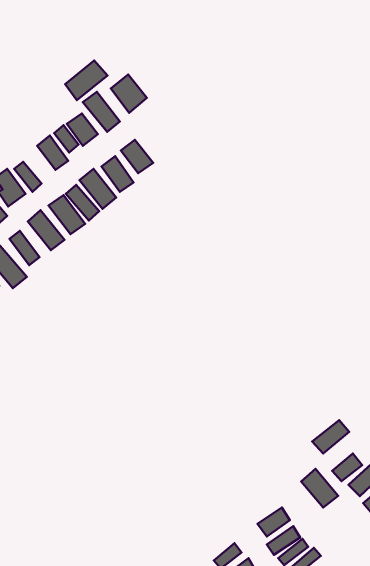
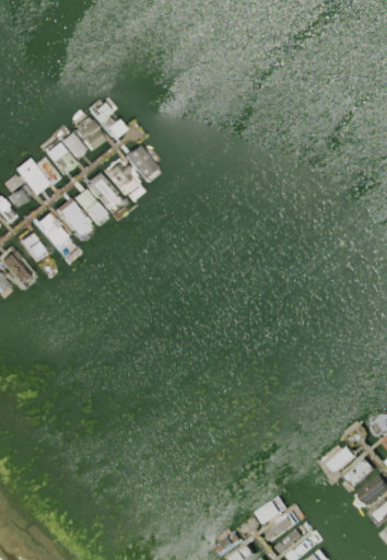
building: [65,60,107,100] -> none
building: [111,75,147,113] -> none
building: [312,420,349,454] -> none
building: [301,469,338,507] -> none

